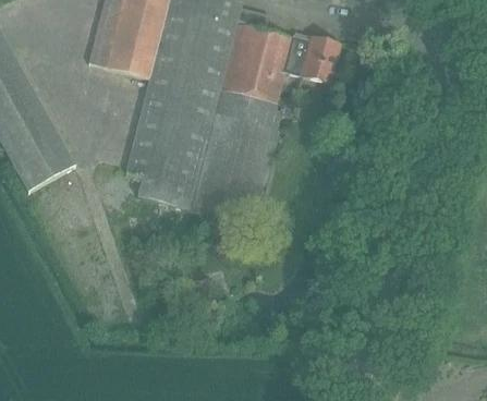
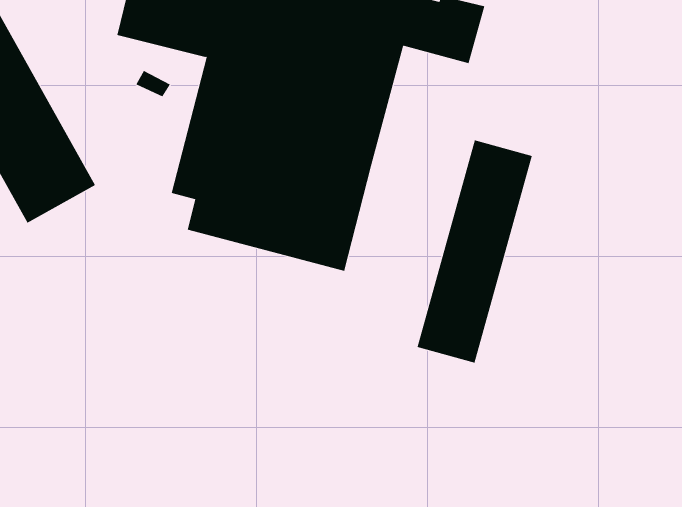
building: none -> [417,140,533,364]

